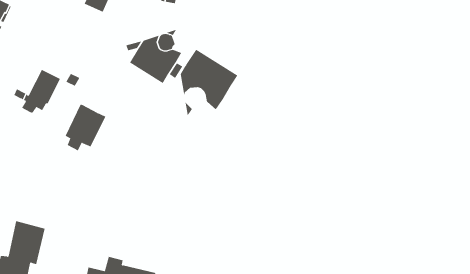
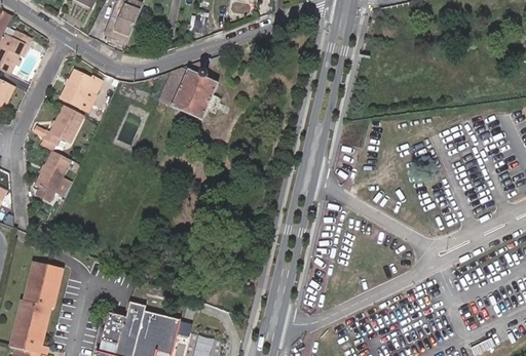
building: none -> [62,70,103,107]
building: [180,49,238,116] -> none
building: [65,104,106,151] -> [33,150,77,200]

